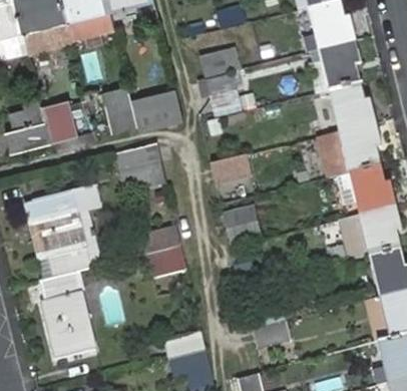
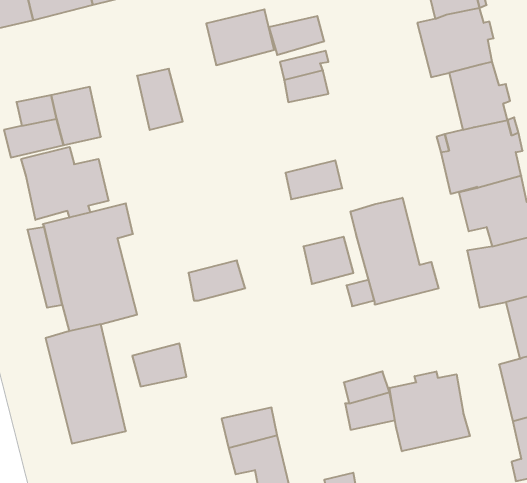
building: [133,91,182,131] -> [206,9,274,65]
building: [116,144,167,194] -> none
building: none -> [21,147,109,220]
building: none -> [351,198,439,305]
building: [147,247,186,278] -> [132,343,186,386]
building: none -> [389,371,470,451]

